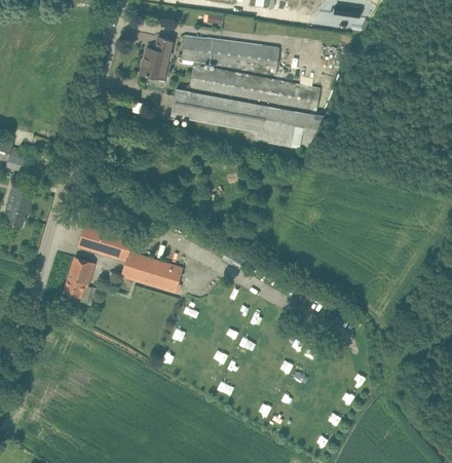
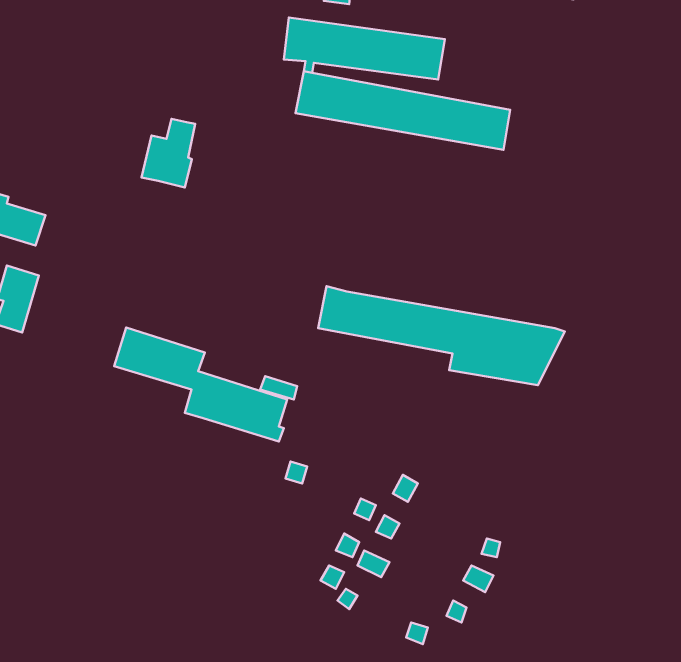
building: [139,38,172,80] -> [141,119,195,188]
building: [171,89,322,150] -> [318,286,565,385]
building: [63,258,93,298] -> none

